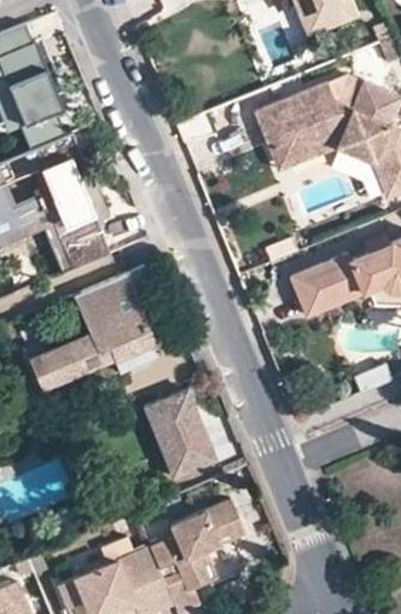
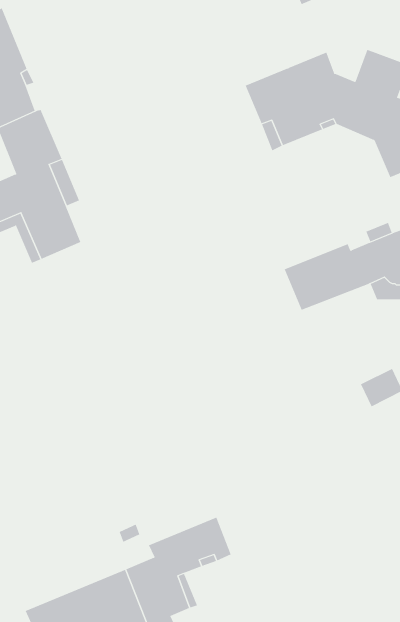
building: [41,266,157,384] -> none
building: [143,389,213,476] -> none

